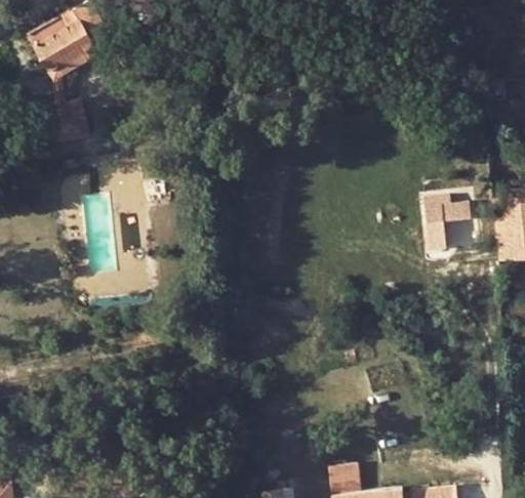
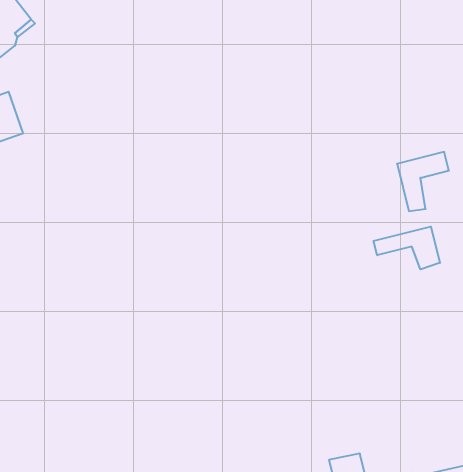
building: none -> [374,227,440,269]

